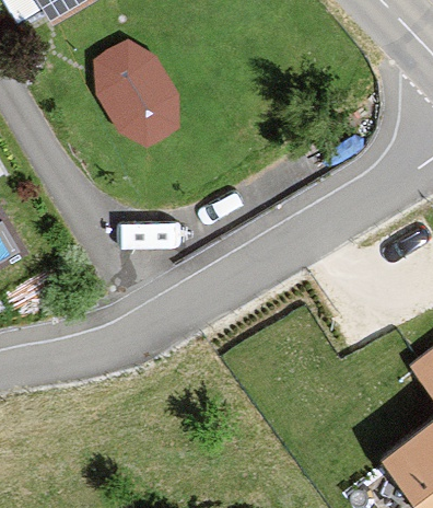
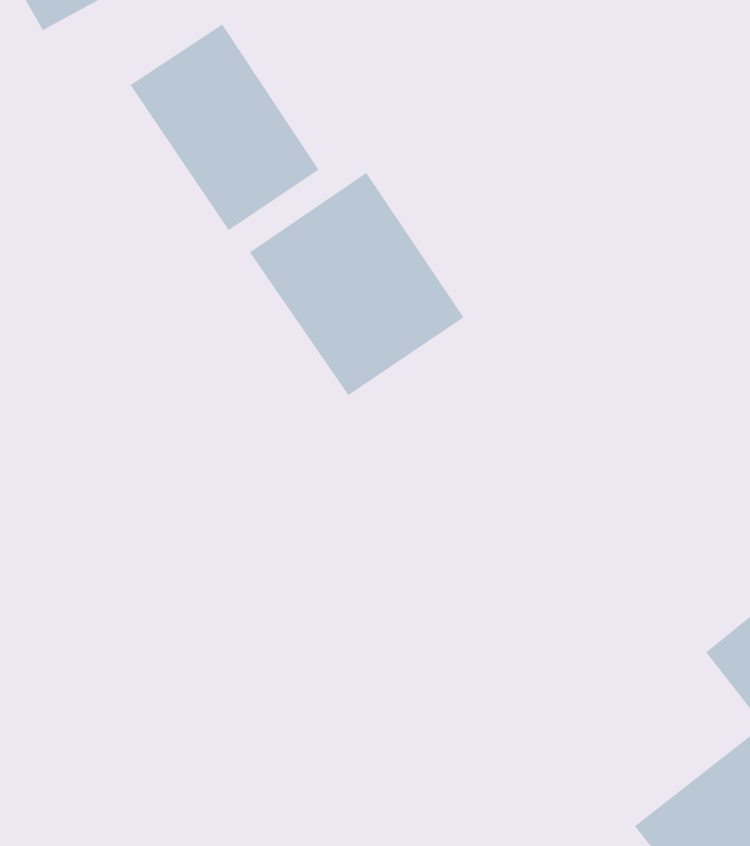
building: none -> [249,172,465,396]

